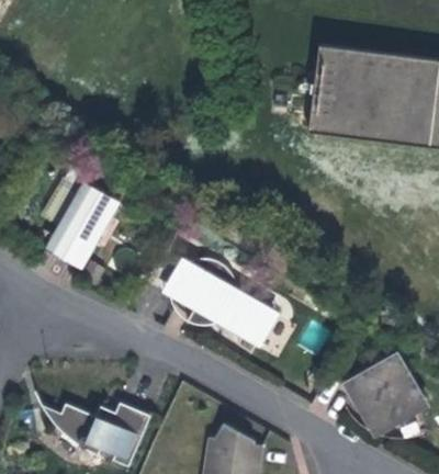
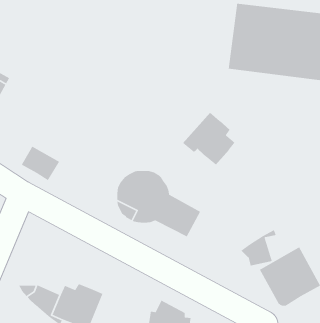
building: [59,181,121,246] -> none
building: none -> [182,112,235,165]
building: none -> [241,229,277,266]

